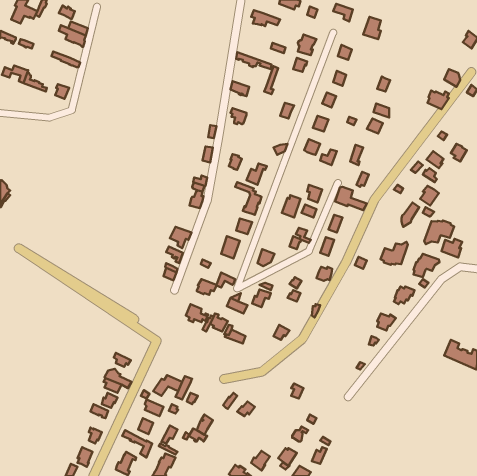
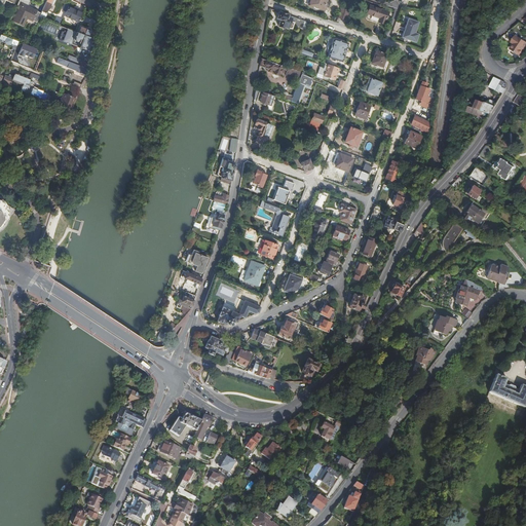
building: [424,221,454,244] -> none
building: [381,242,408,265] -> none

